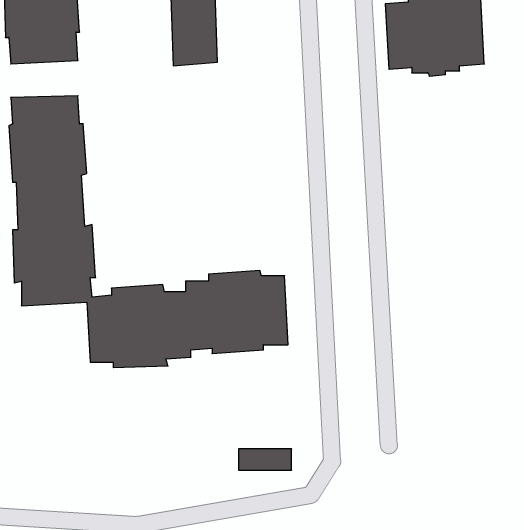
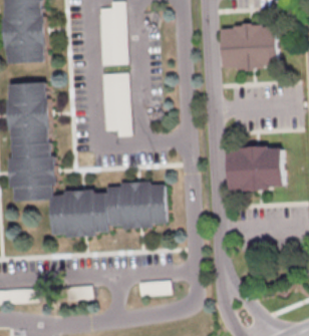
building: none -> [100,73,128,136]
building: none -> [228,144,283,193]

